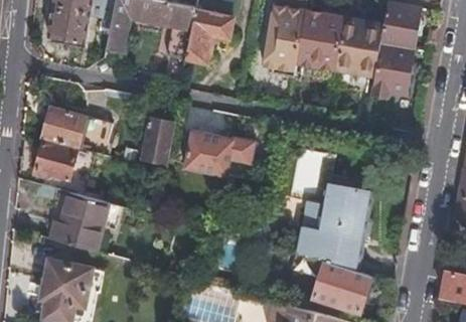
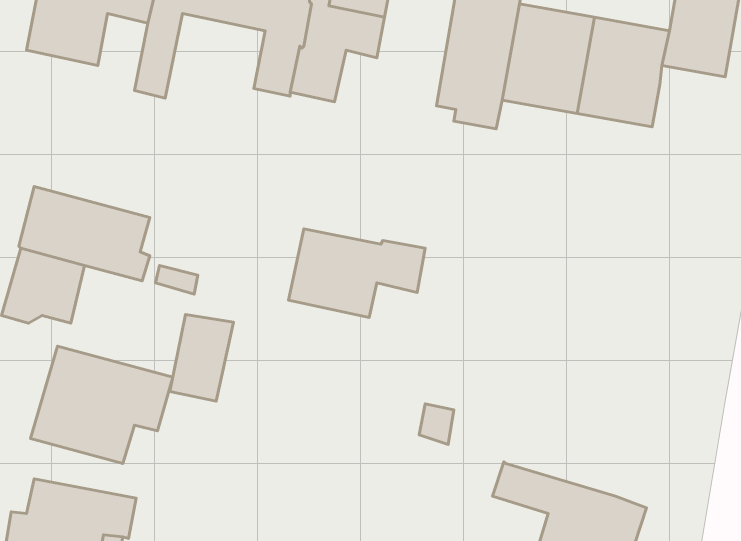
building: [371,44,413,97] -> none
building: [141,121,174,166] -> [170,315,234,401]
building: [298,186,369,270] -> none

